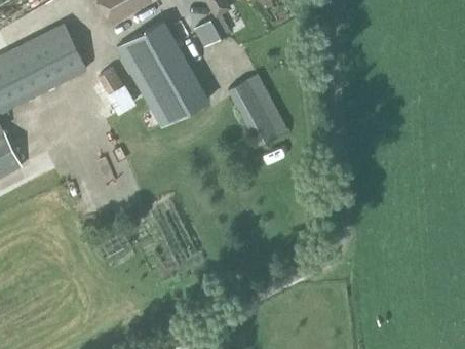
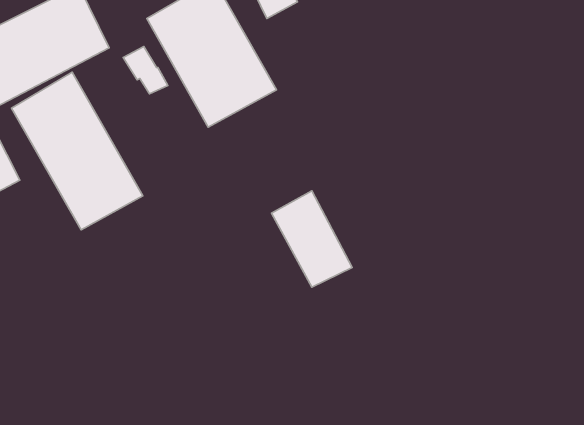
building: [228,74,287,145] -> [271,191,352,287]
building: none -> [11,72,143,230]

